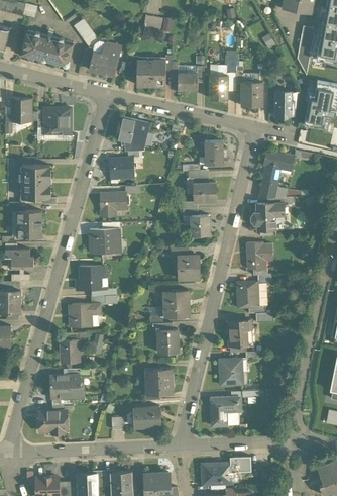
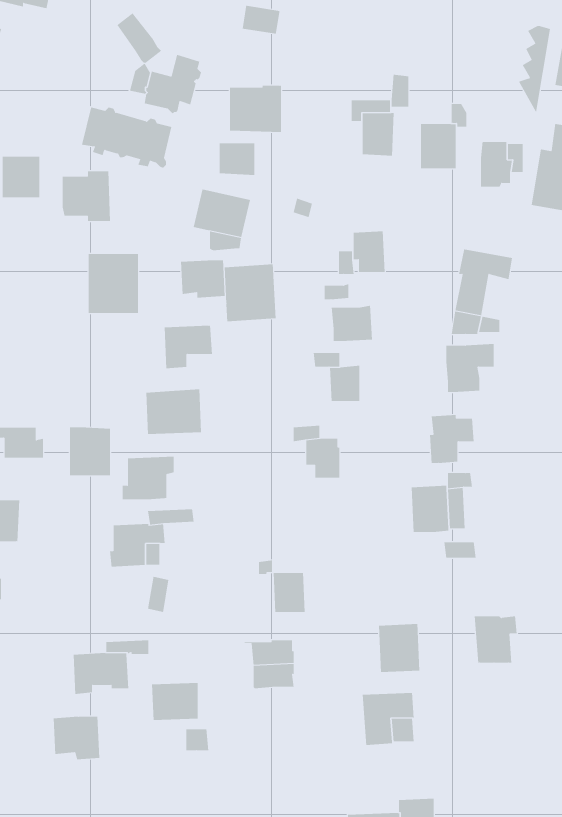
building: [21,31,72,66] -> [81,107,172,169]
building: [178,73,198,91] -> [219,143,255,175]
building: none -> [224,264,276,322]
building: [21,166,49,199] -> [88,253,139,314]
building: [18,210,41,237] -> [69,427,111,476]
building: [163,290,189,317] -> none
building: [227,320,251,346] -> [474,616,518,663]
building: [60,339,80,363] -> none
building: [134,406,160,427] -> [151,682,198,721]

